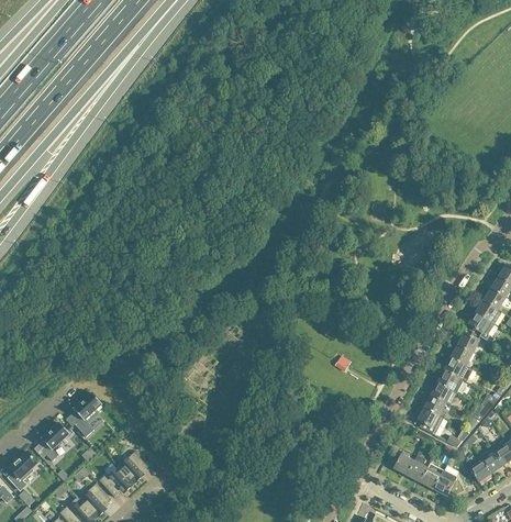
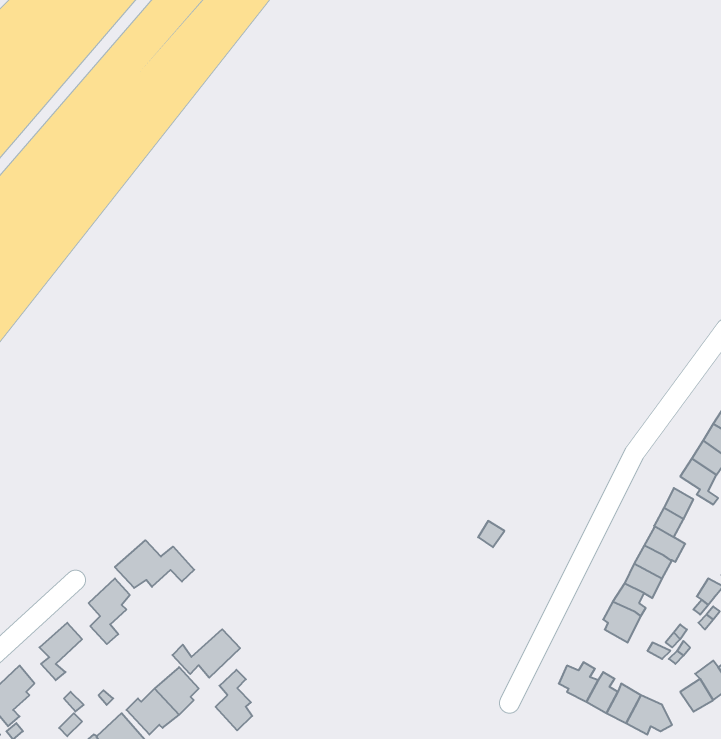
building: none -> [115,540,194,588]
building: none -> [172,629,240,678]
building: none -> [216,670,252,730]

